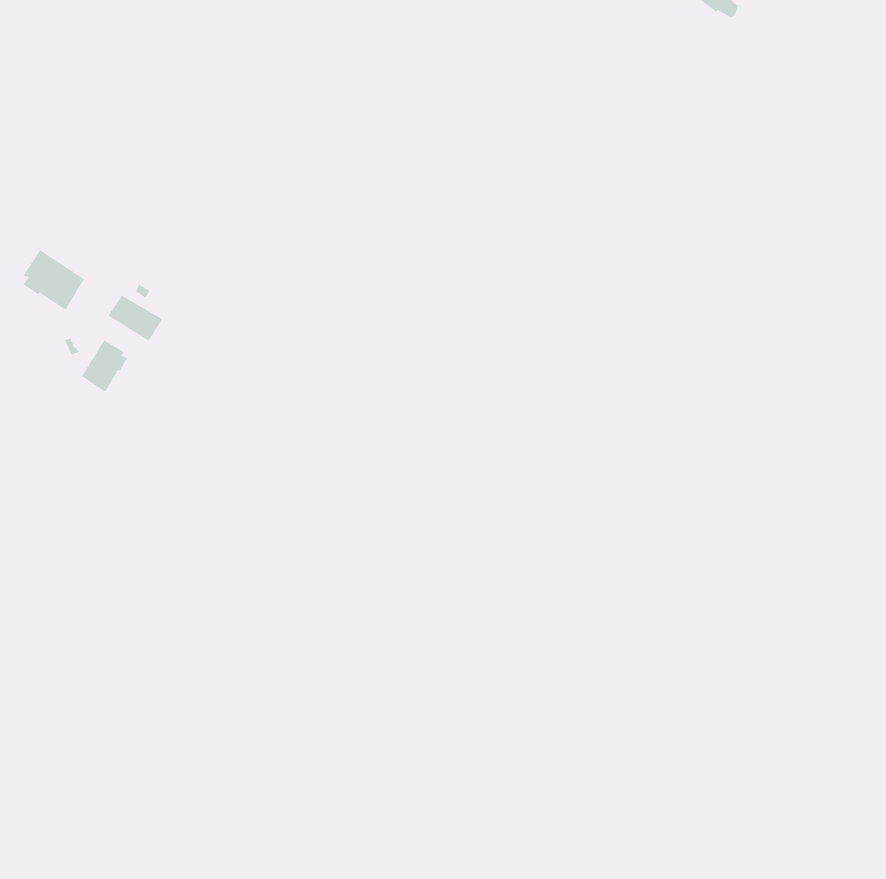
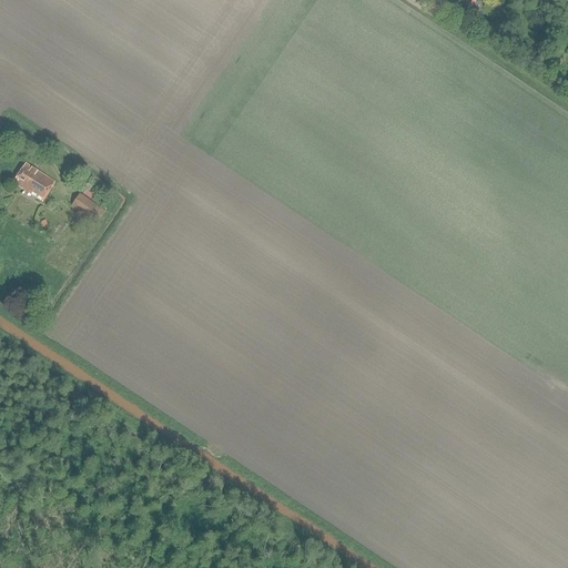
building: [81,339,128,392] -> none

